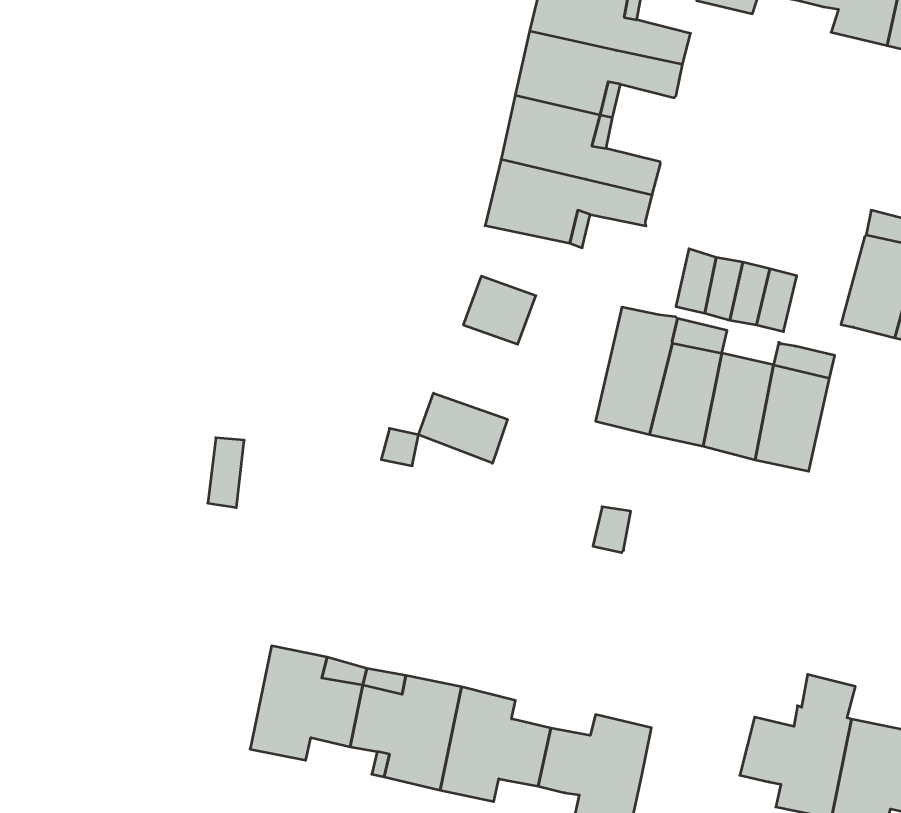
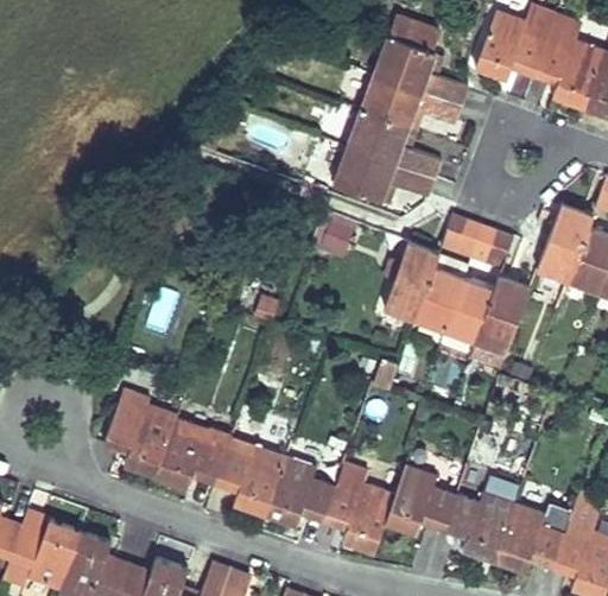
building: [418,393,507,463] -> none
building: none -> [104,389,178,477]
building: none -> [386,464,457,533]

